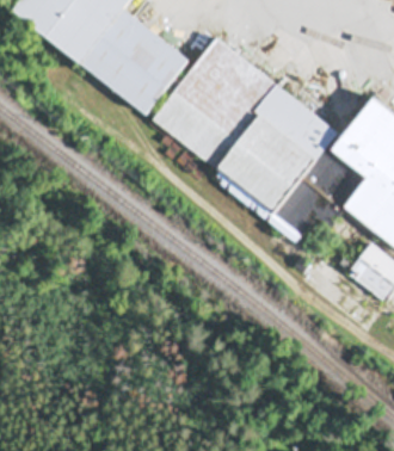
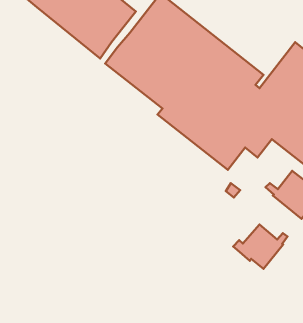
building: none -> [233,224,288,269]

